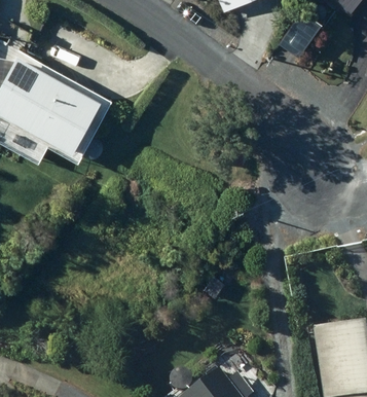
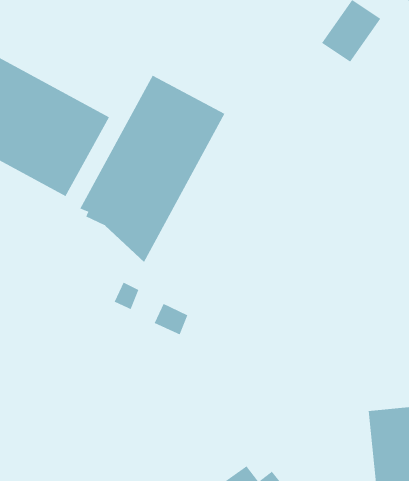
building: none -> [80,75,225,263]

